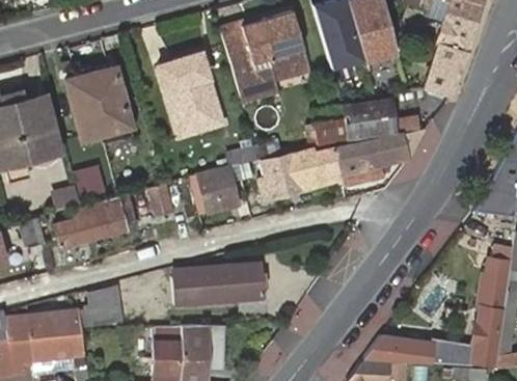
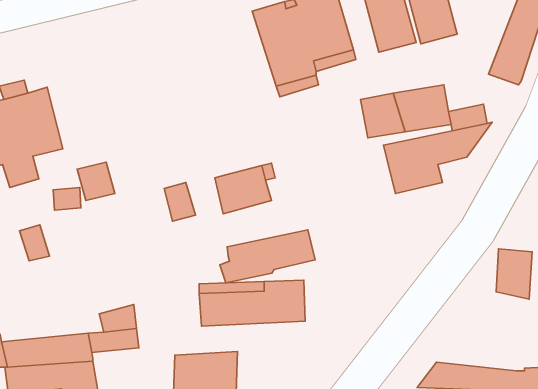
building: [158,55,223,138] -> none
building: [67,69,131,140] -> none
building: [258,148,341,194] -> [220,230,315,283]
building: [53,195,137,245] -> none
building: none -> [496,249,532,299]

